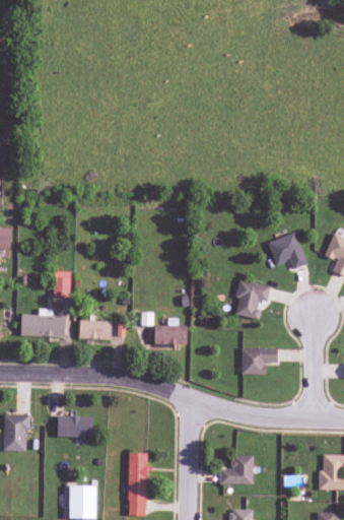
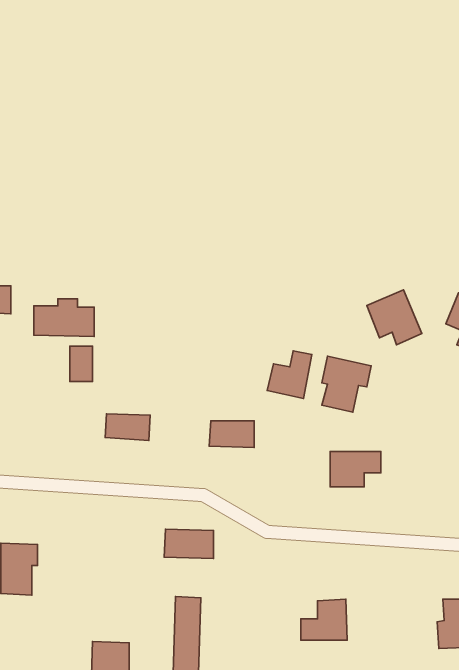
building: none -> [267,351,312,399]
building: [21,309,65,336] -> [34,299,94,337]
building: [57,415,92,437] -> [164,529,214,559]

